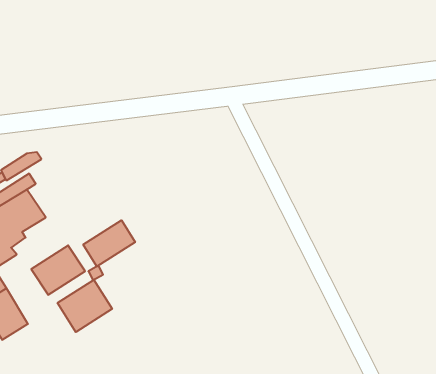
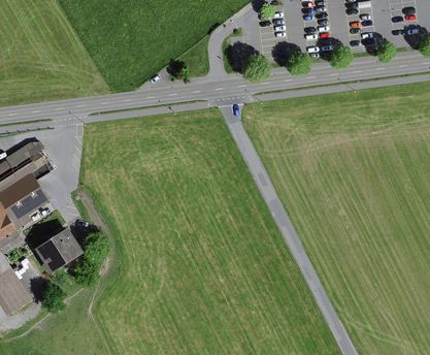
building: [83,220,135,267] -> none
building: [58,280,112,332] -> none

